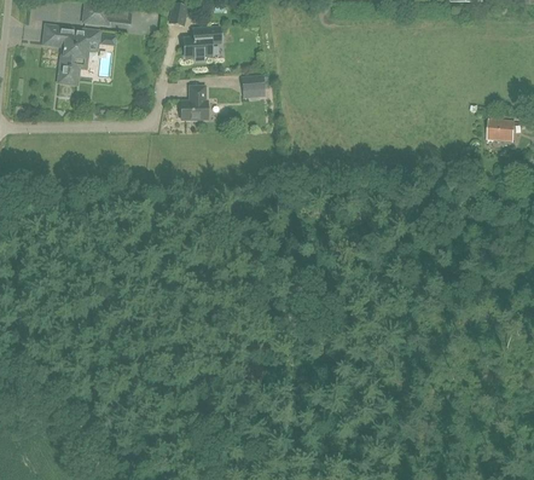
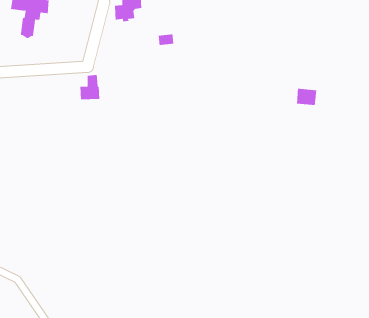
building: [180,85,208,118] -> [79,74,100,100]
building: [488,117,516,140] -> [296,88,317,106]

